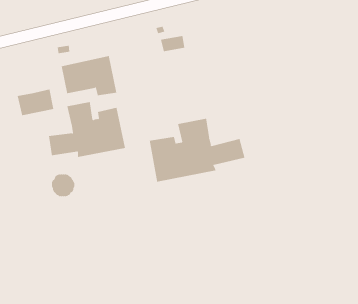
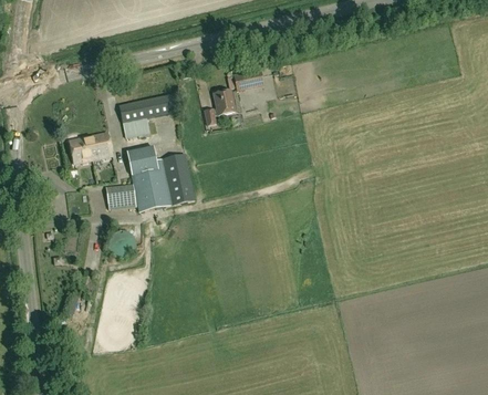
building: none -> [204,91,235,125]
building: [149,118,245,182] -> none

